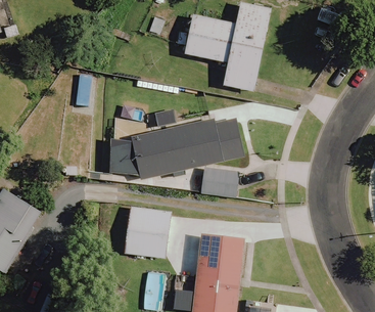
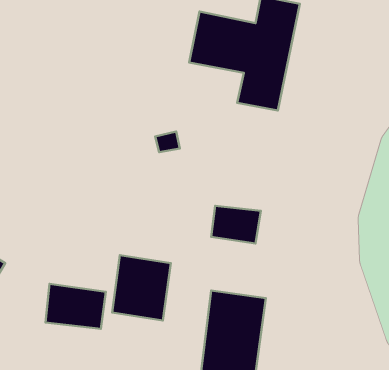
building: [107,119,242,180] -> none
building: none -> [45,284,106,329]

